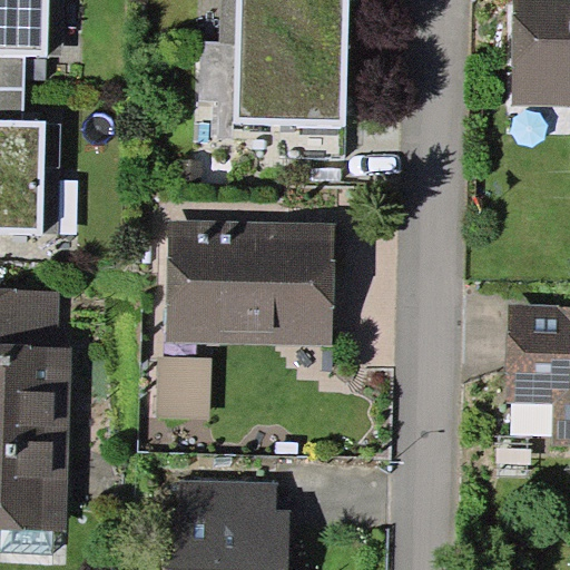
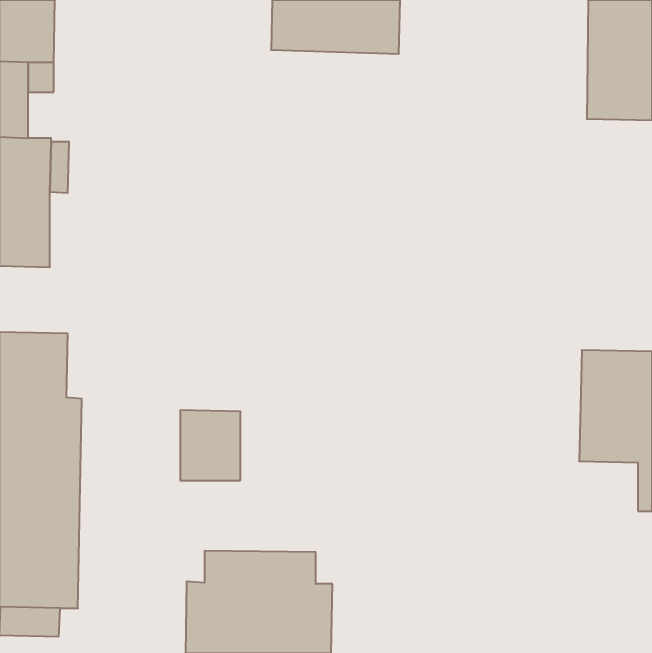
building: [234,43,347,127] -> none
building: [166,220,333,344] -> none

